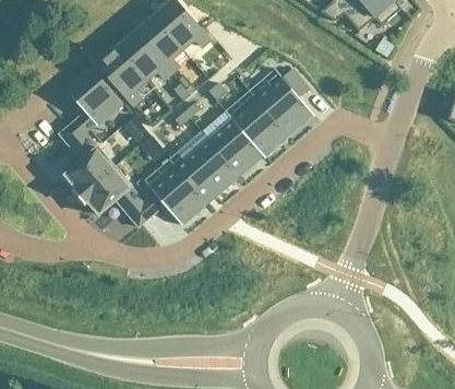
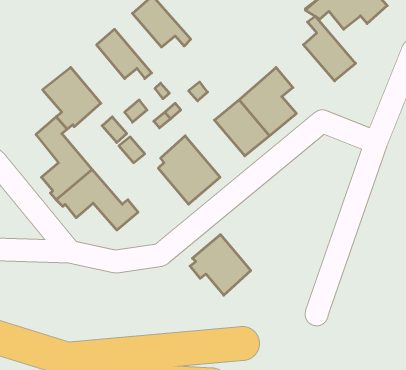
building: [135,14,181,72] -> none
building: none -> [303,16,356,81]
building: [97,45,145,104] -> none
building: [208,118,262,174] -> none
building: [148,165,207,224] -> [190,235,251,295]

